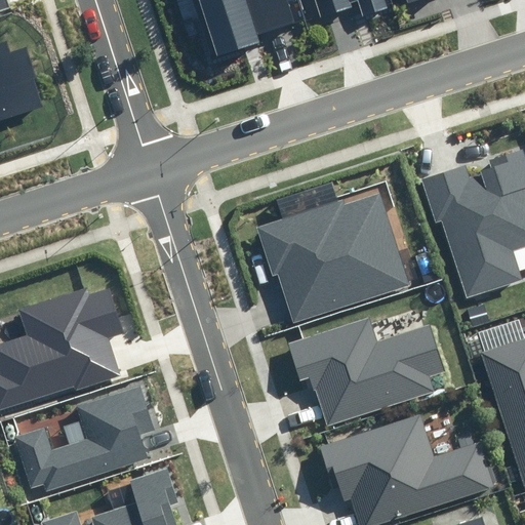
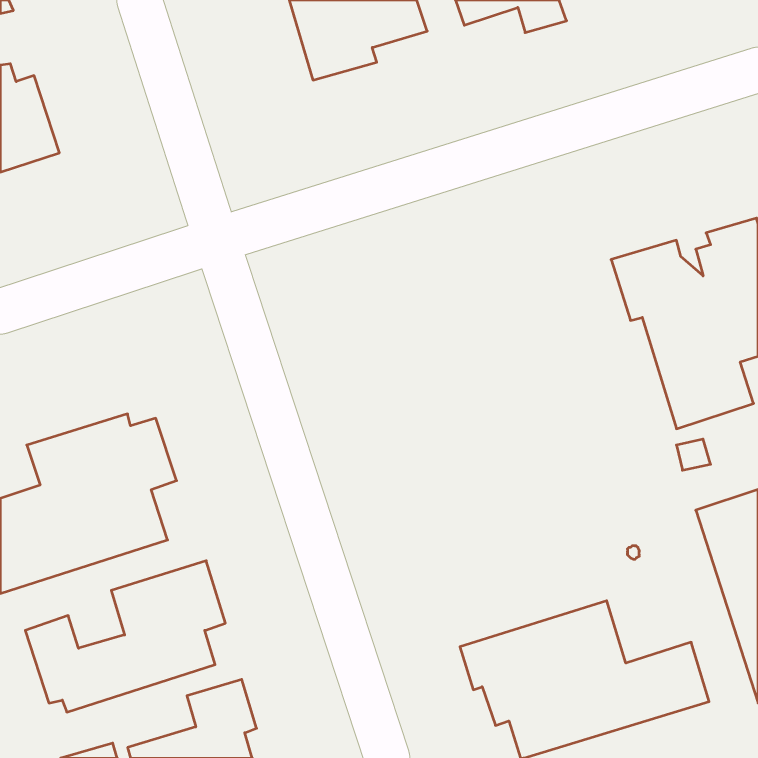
building: [256,193,411,323] -> none
building: [285,315,442,425] -> none

